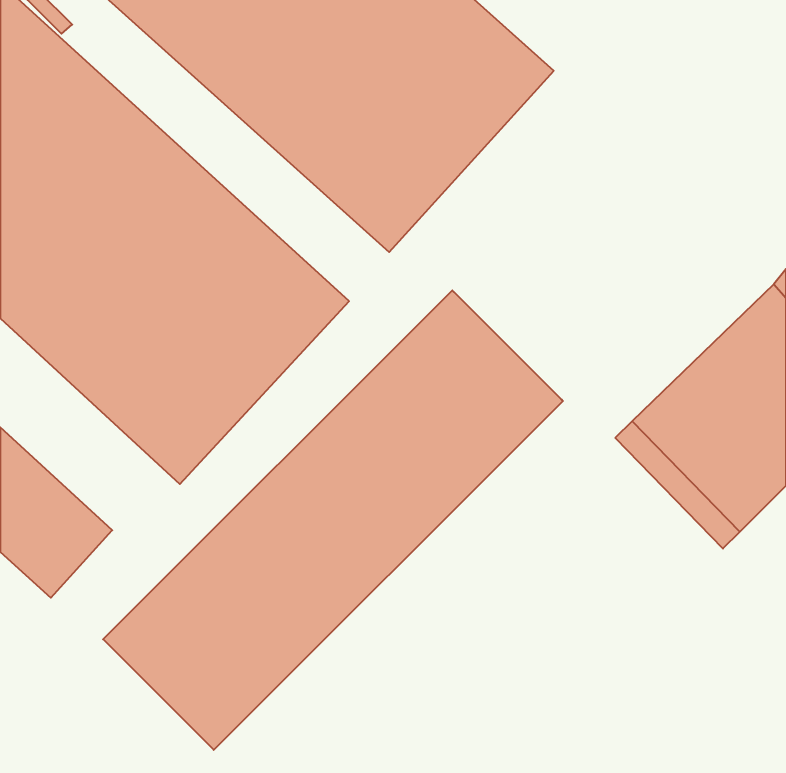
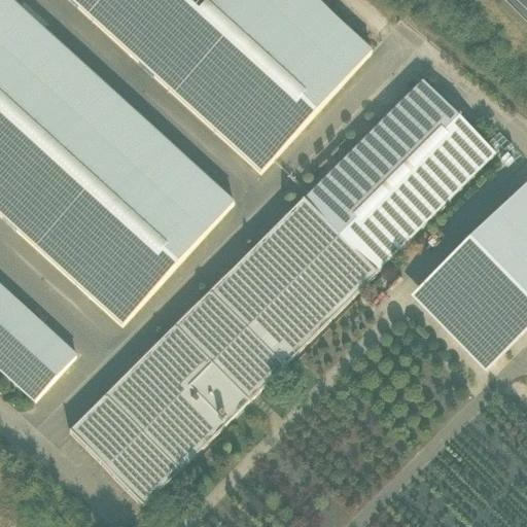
building: none -> [304,76,495,268]

